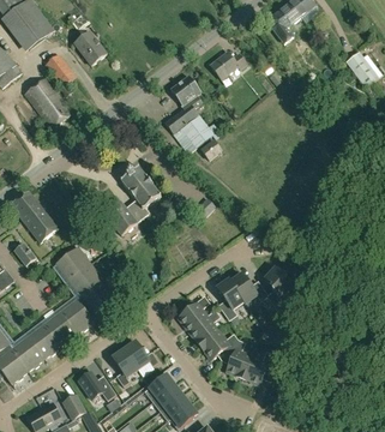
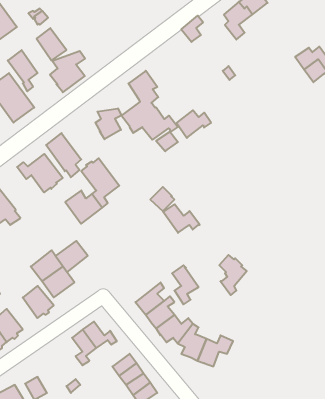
building: [210,50,246,79] -> [177,110,211,138]
building: none -> [50,51,85,92]
building: none -> [95,108,122,139]
building: none -> [46,133,81,177]
building: none -> [17,154,63,192]
building: [56,247,90,280] -> [56,241,88,272]
building: [229,274,267,304] -> [163,204,200,233]
building: [43,312,76,346] -> none
building: [76,366,113,396] -> none

